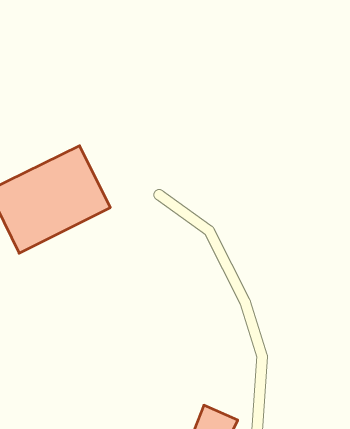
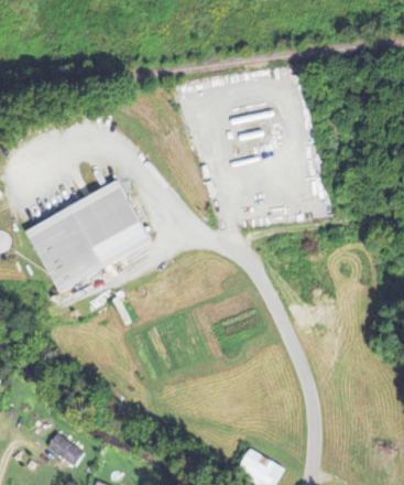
building: none -> [45,432,83,466]

